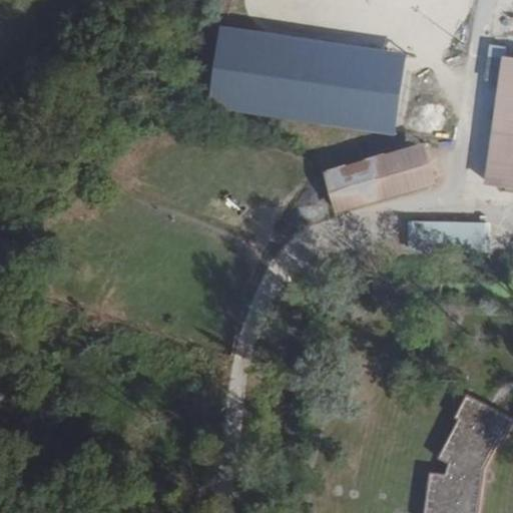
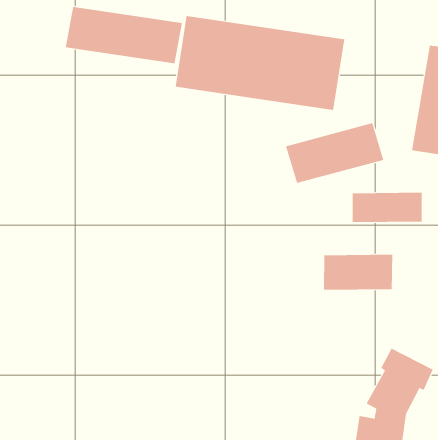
building: none -> [65,6,183,64]
building: none -> [323,254,393,291]

